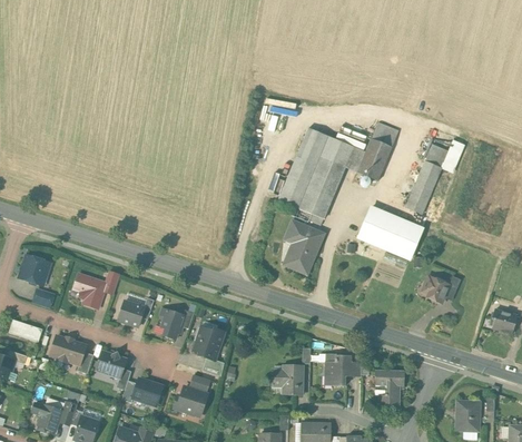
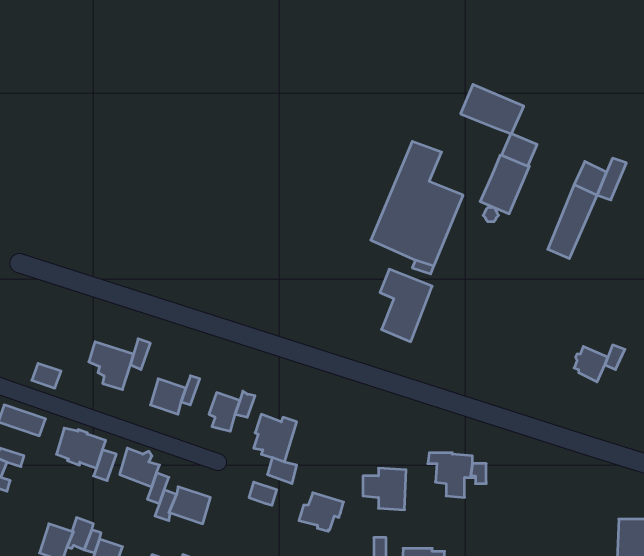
building: [319,136,365,171] -> [461,84,524,134]
building: [357,206,422,258] -> none
building: [19,254,49,284] -> none
building: [375,369,404,405] -> none
building: [174,386,206,414] -> [299,493,344,531]

